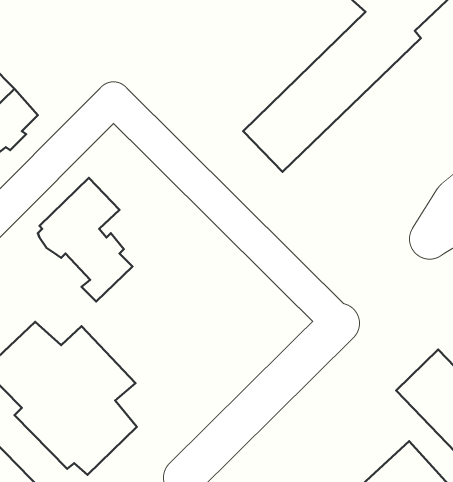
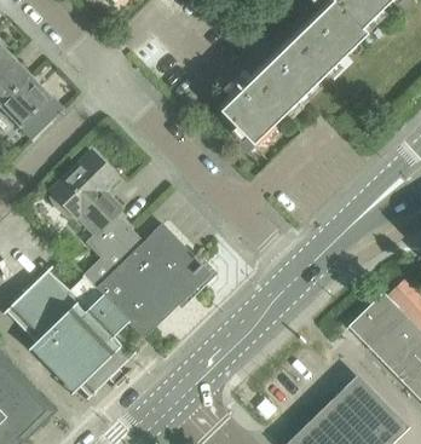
building: none -> [85,224,211,338]

